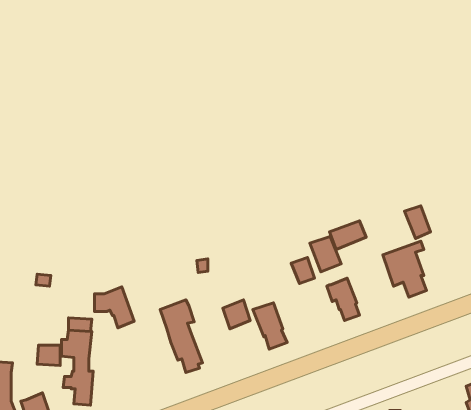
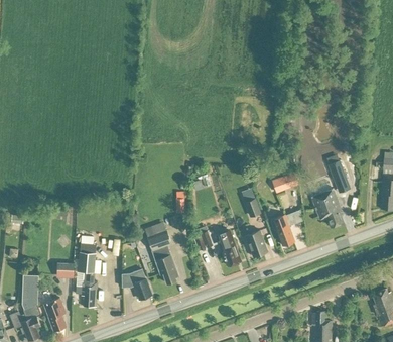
building: [310,236,341,272] -> [245,230,268,256]
building: [95,287,134,328] -> [122,268,151,299]

